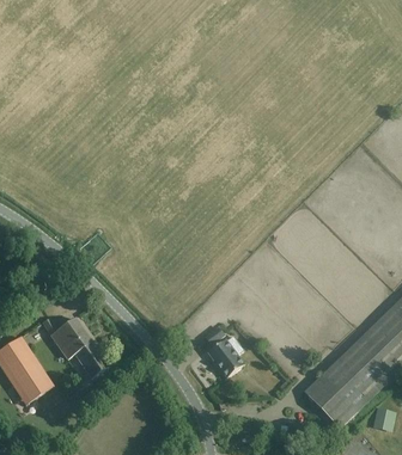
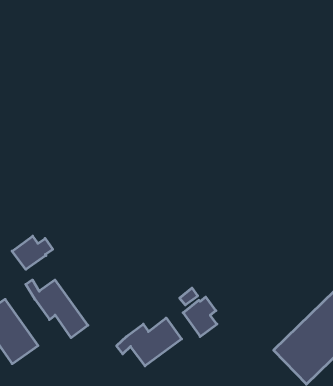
building: none -> [12,236,53,269]
building: none -> [117,318,182,366]

